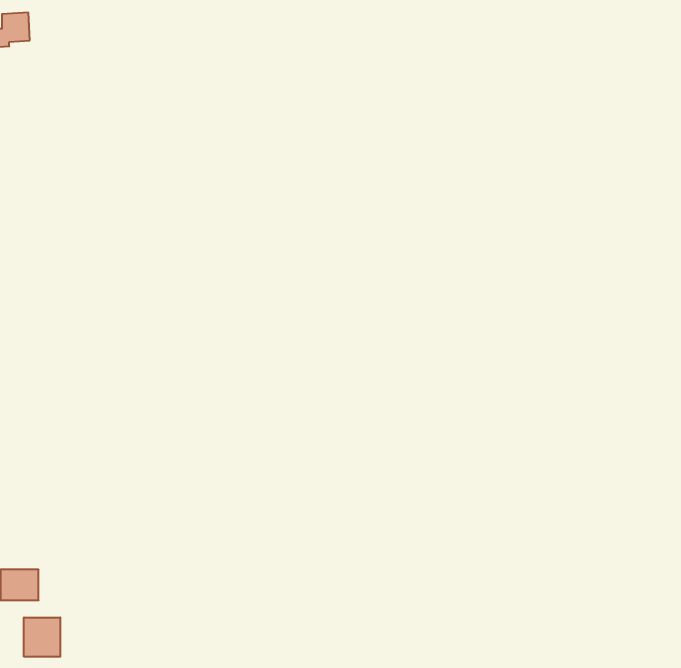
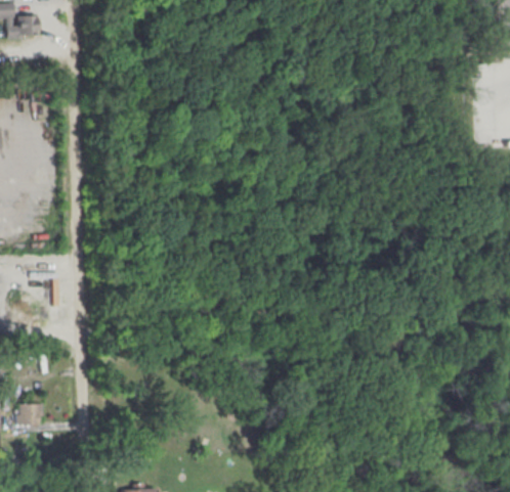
building: [24,617,60,657] -> none

